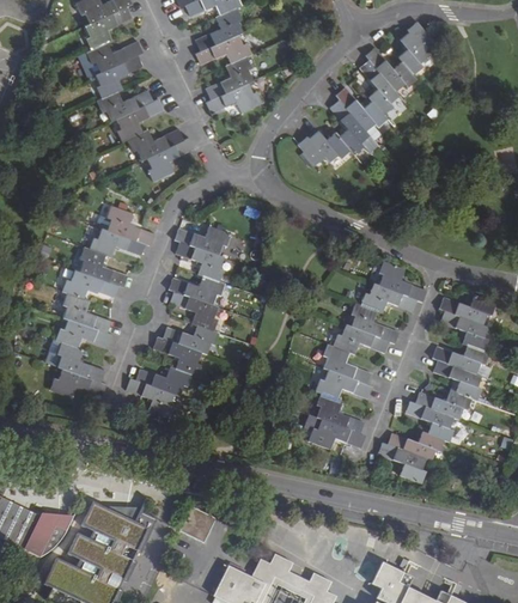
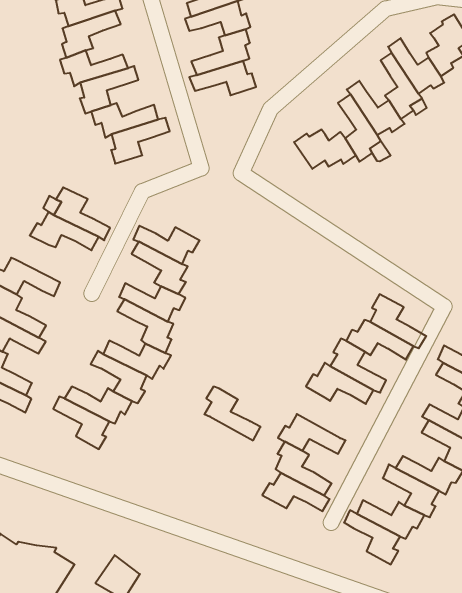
building: [79,245,127,285] -> none
building: [323,343,371,384] -> [204,387,261,440]

